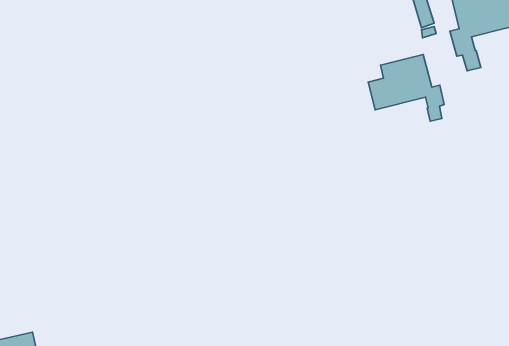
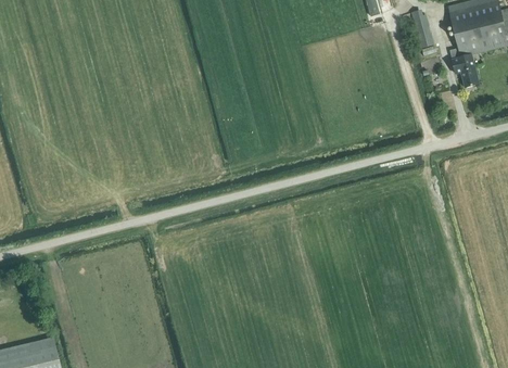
building: [368,54,444,121] -> none

